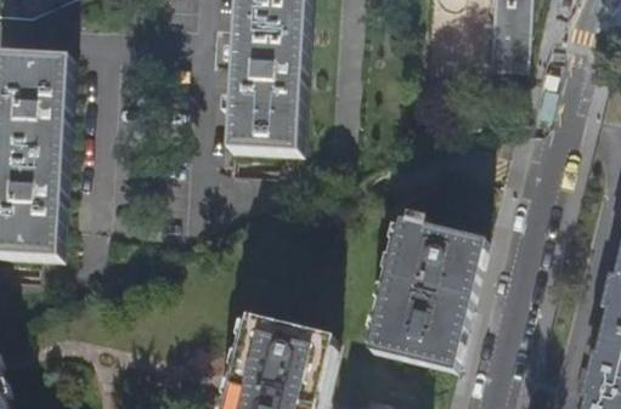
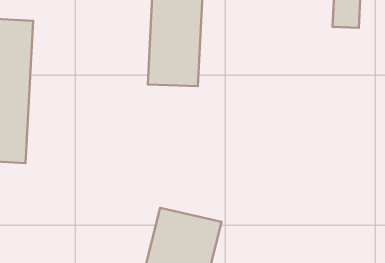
building: [366,210,482,368] -> none

